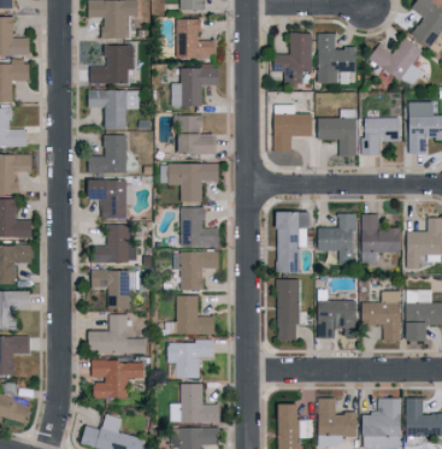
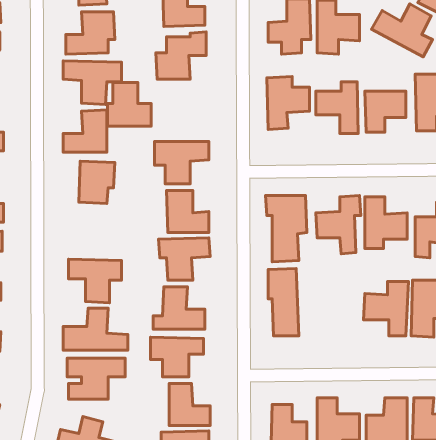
building: [175,116,214,155] -> [107,82,151,126]
building: [90,225,135,264] -> none
building: [318,301,356,339] -> none

